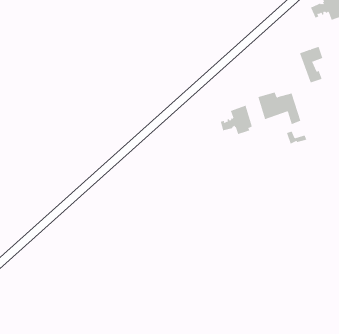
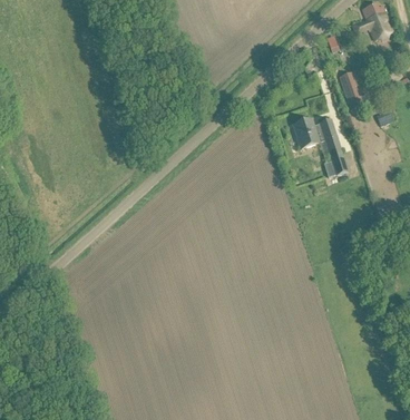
building: [220,105,252,135] -> none

